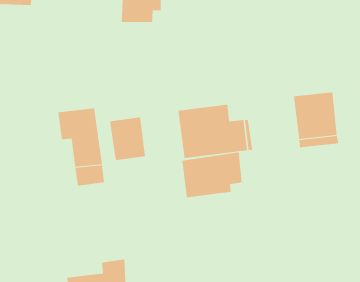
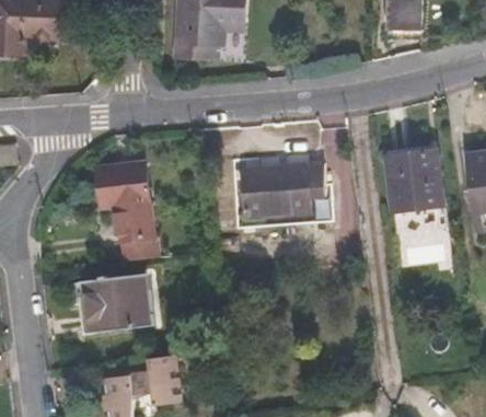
building: [110,117,146,161] -> none
building: [182,152,242,198] -> none
building: none -> [81,274,142,332]

